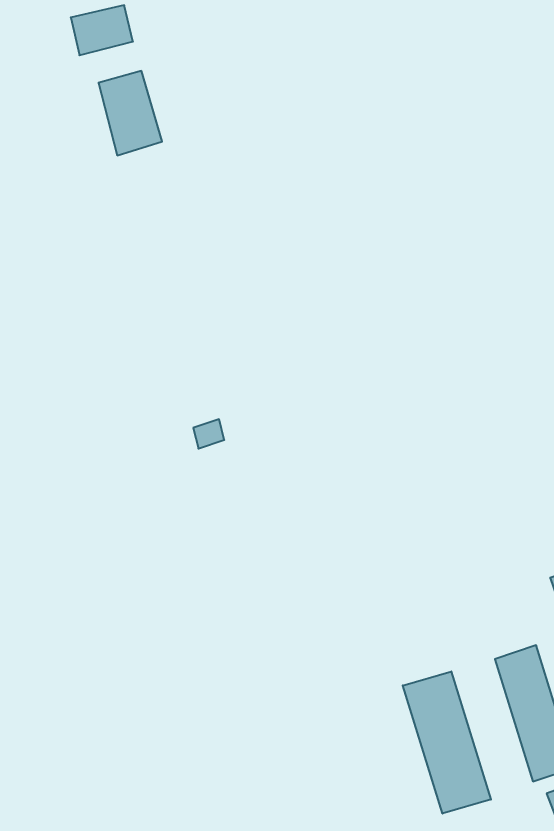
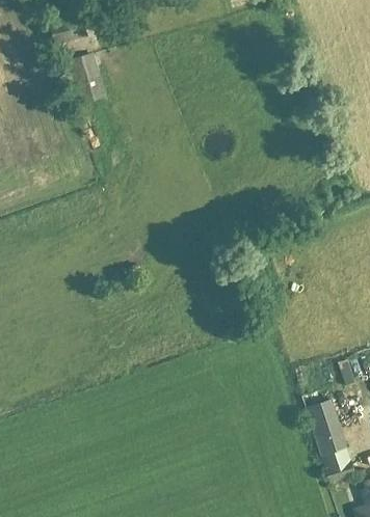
building: [403,671,491,814] -> none

